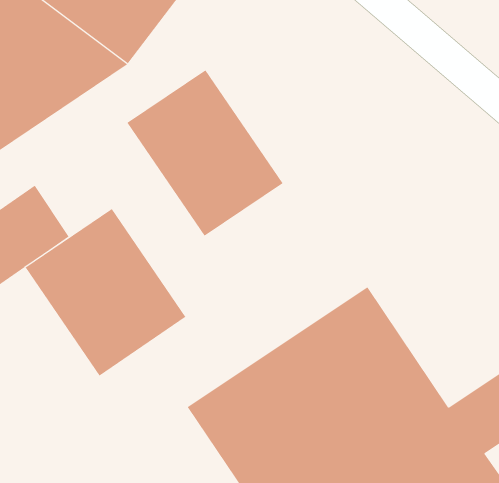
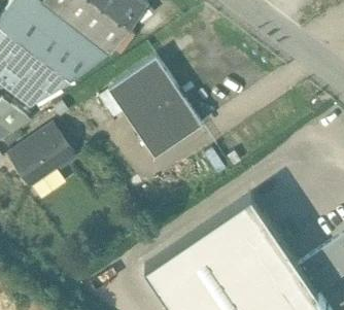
building: [25,208,186,376] -> none

